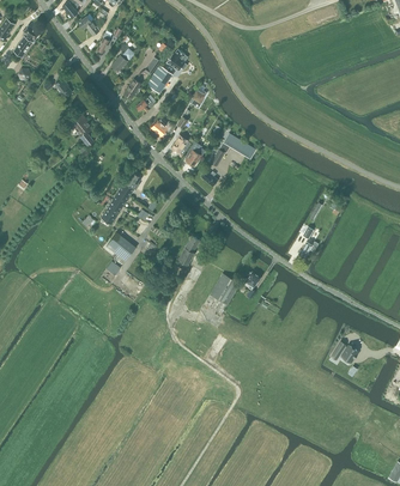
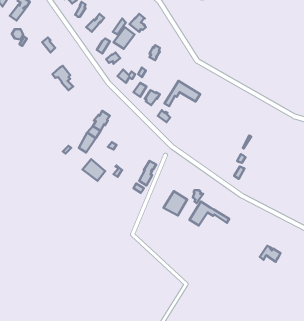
building: none -> [189,202,229,225]

